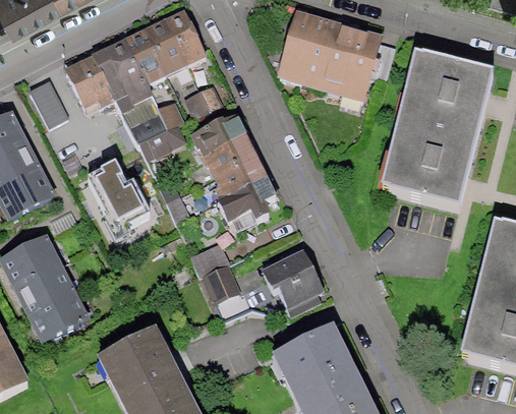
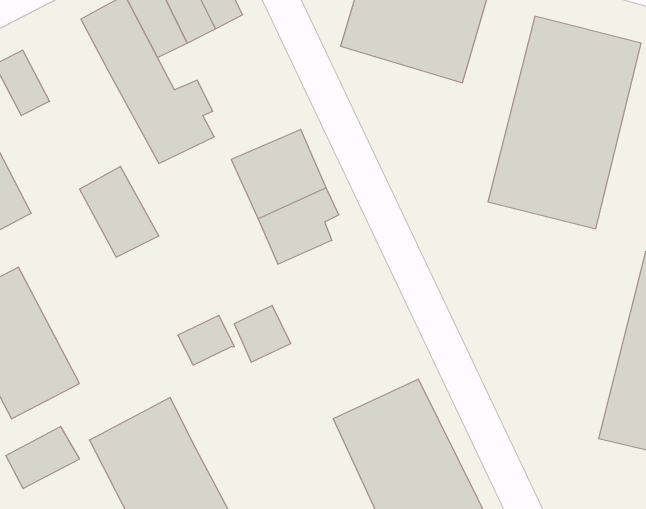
building: [62,57,110,108] -> none
building: [183,79,232,118] -> none
building: [189,113,248,158] -> none
building: [189,240,230,276] -> [178,315,234,365]
building: [260,249,325,312] -> none
building: none -> [6,426,79,489]

